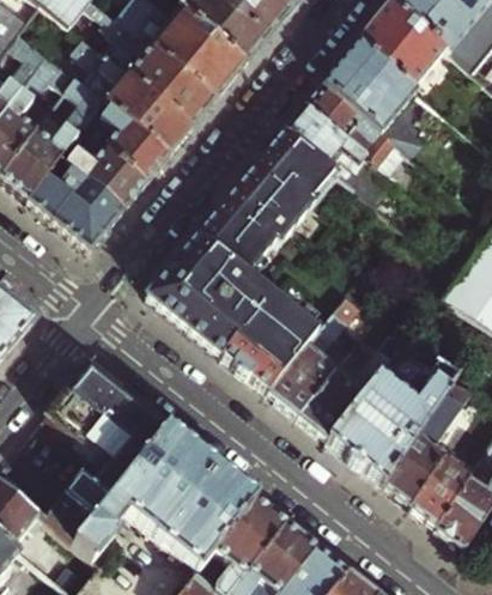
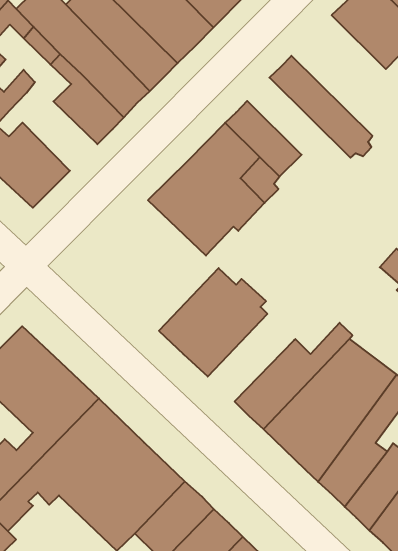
building: [326,37,427,153] -> none
building: [287,102,394,199] -> none
building: [62,136,148,207] -> none
building: [148,229,274,352] -> none
building: [273,295,364,413] -> none

